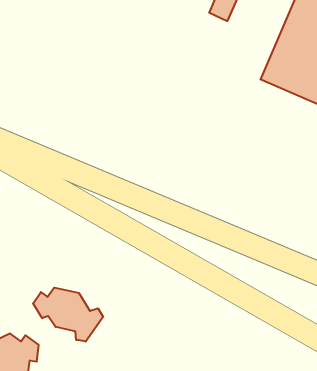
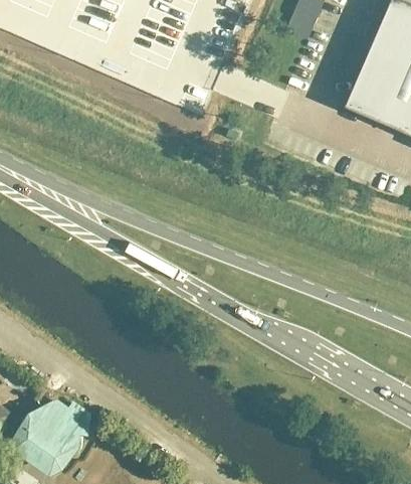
building: [33,288,103,342] -> none

